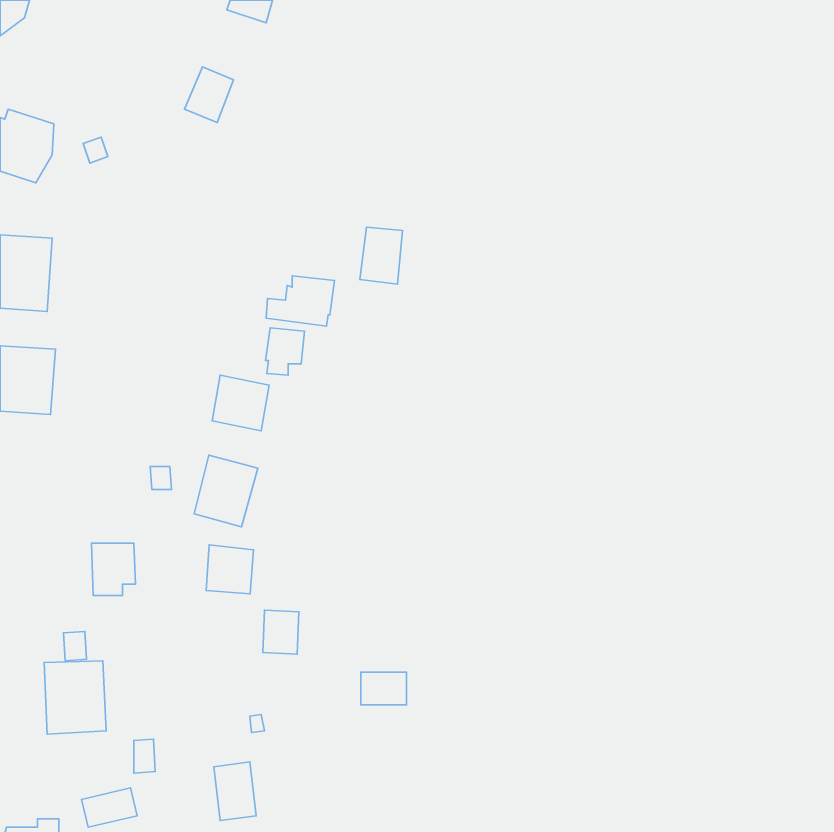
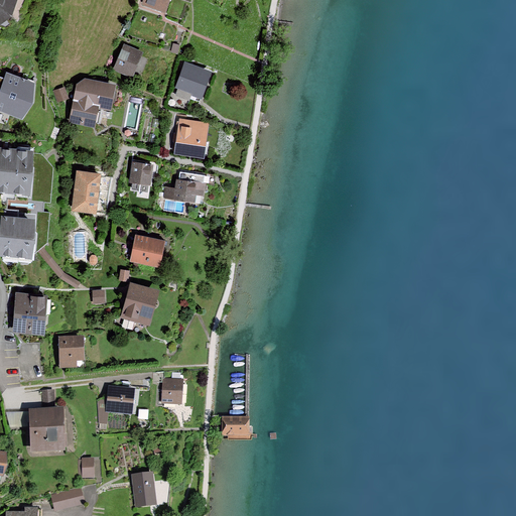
building: none -> [175,60,213,99]
building: none -> [68,76,116,127]
building: [360,227,402,284] -> [176,120,203,155]
building: none -> [70,169,101,213]
building: [265,328,305,375] -> [130,161,154,190]
building: none -> [11,291,47,335]
building: [206,545,253,594] -> [105,386,134,416]

